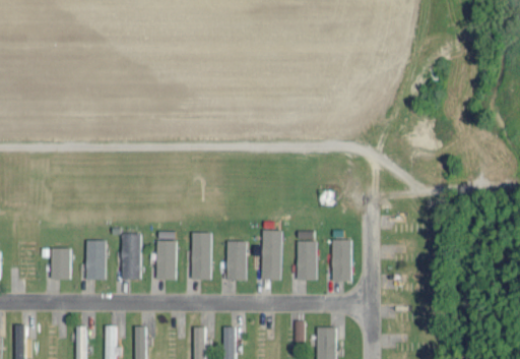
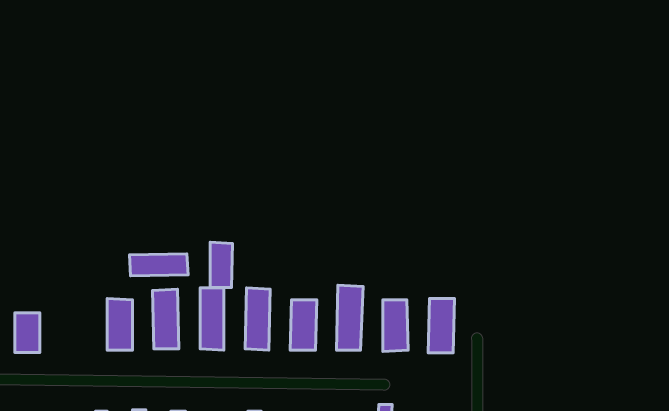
building: none -> [210,242,233,288]
building: none -> [129,254,188,276]
building: [51,248,70,279] -> [15,313,40,353]

